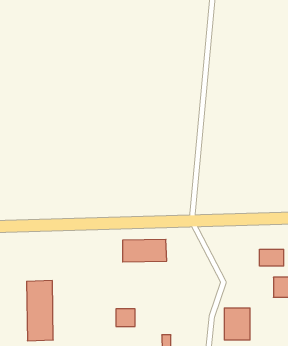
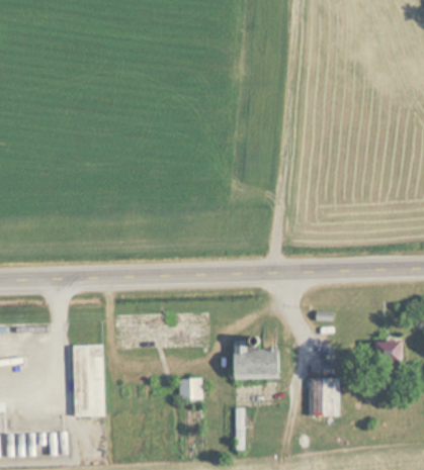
building: [123,239,167,262] -> [226,352,279,379]
building: [260,249,284,266] -> none

